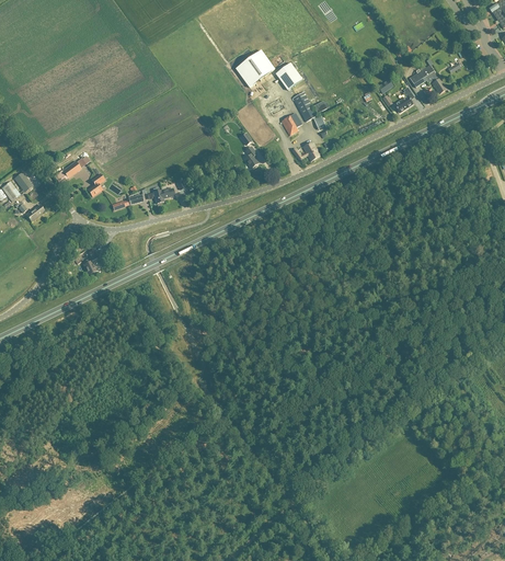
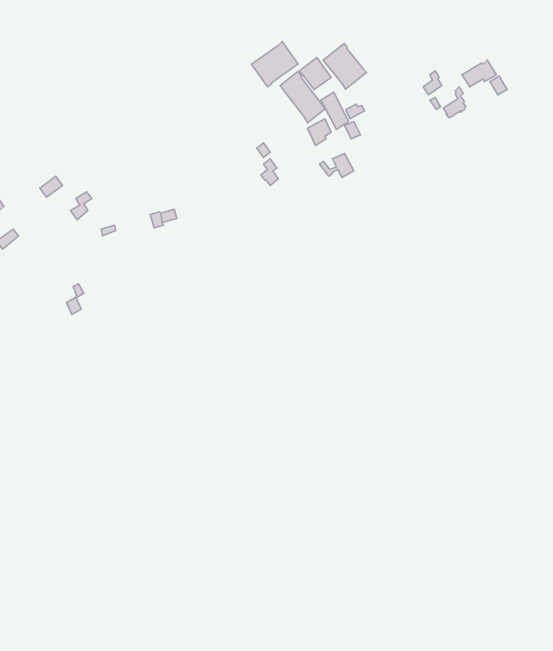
building: none -> [323,44,366,89]
building: none -> [280,72,325,123]

